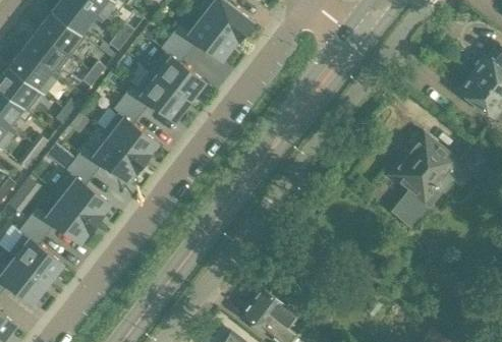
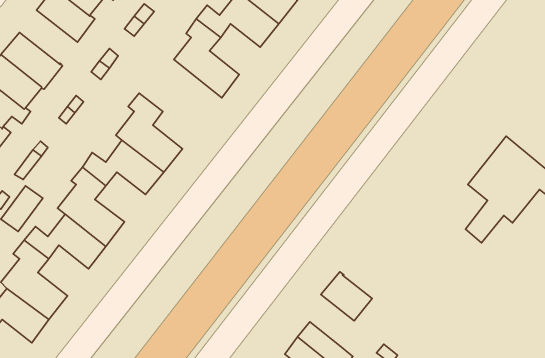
building: [22,31,70,75] -> none
building: [121,71,189,122] -> none
building: none -> [321,272,372,321]

